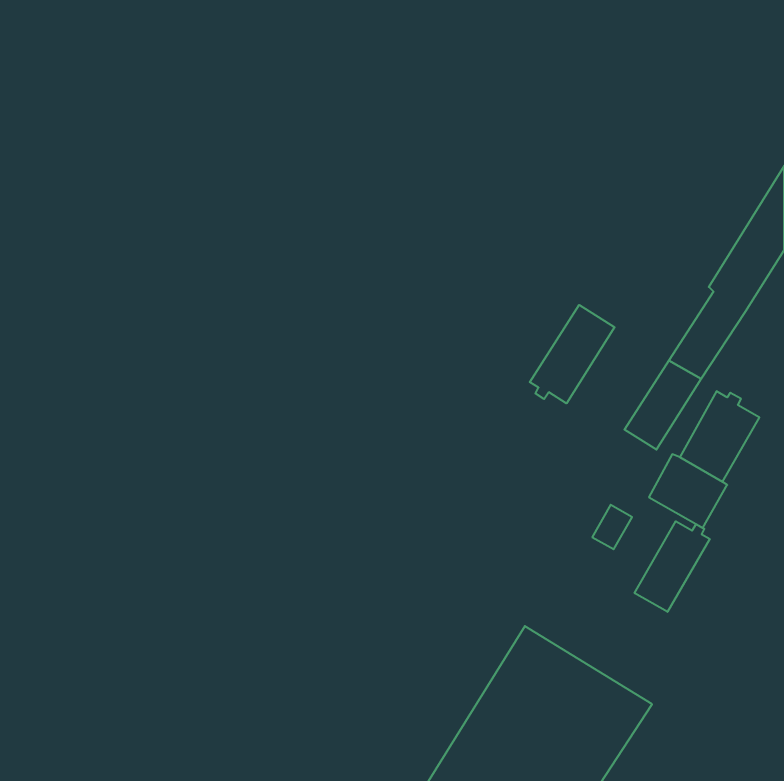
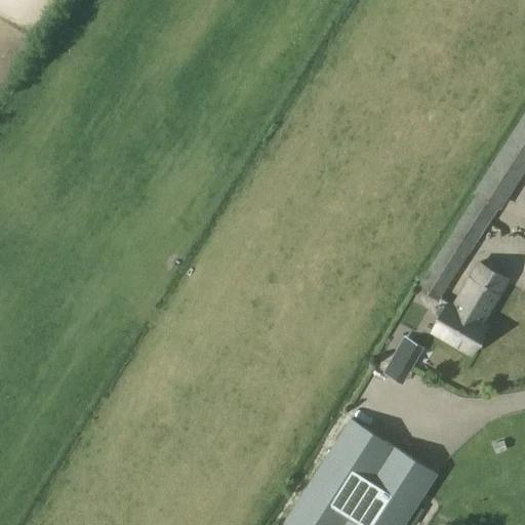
building: [530,305,615,403] -> none
building: [635,521,710,612] -> none

